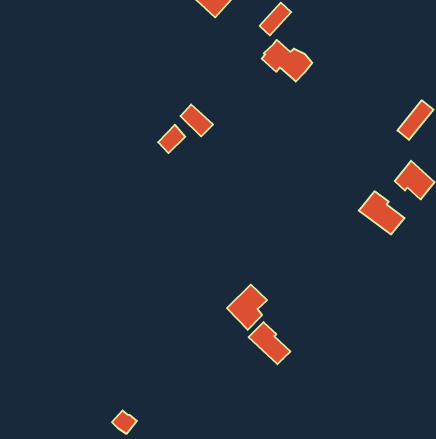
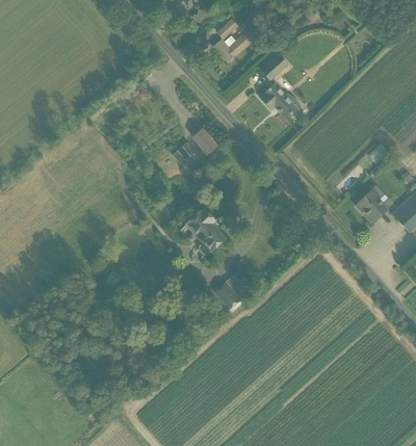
building: [359,191,405,234] -> none
building: none -> [186,208,225,253]
building: [249,322,290,364] -> none

